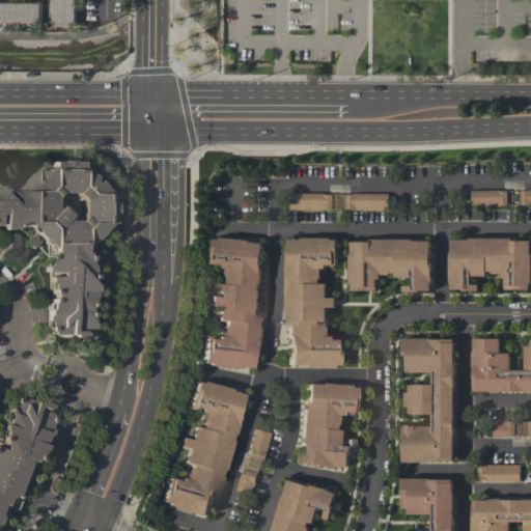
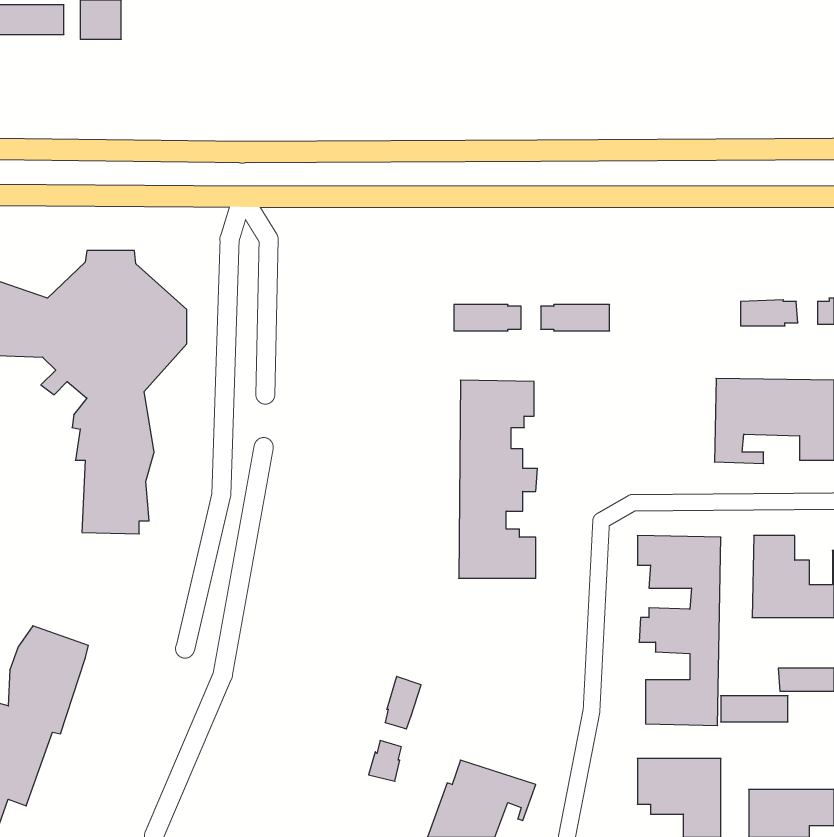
building: [201,241,267,370] -> none
building: [347,242,428,292] -> none
building: [165,378,250,515] -> none
building: [297,384,353,469] -> none
building: [477,468,520,484] -> [721,696,788,722]

